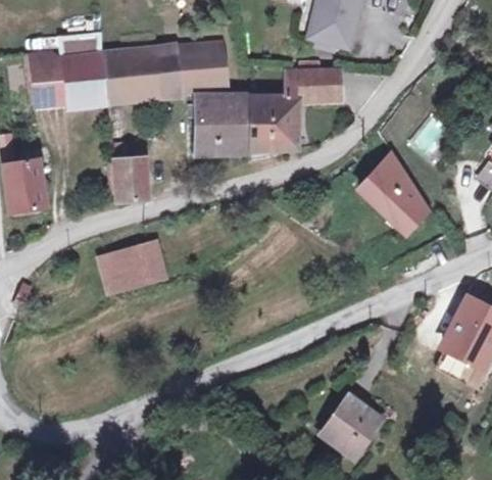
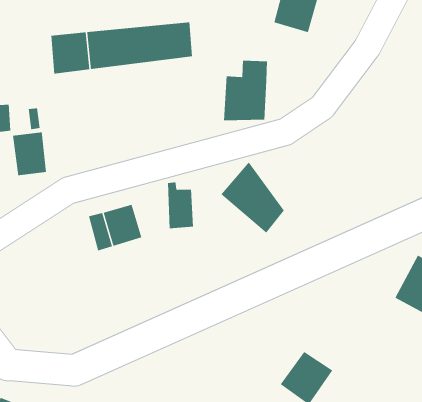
building: [29,55,62,102] -> none
building: [273,76,344,105] -> none
building: [196,99,254,152] -> none
building: [116,146,146,198] -> [167,182,194,229]
building: [354,151,426,232] -> [221,161,285,234]

